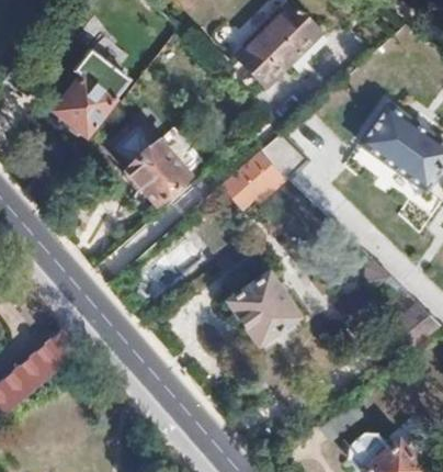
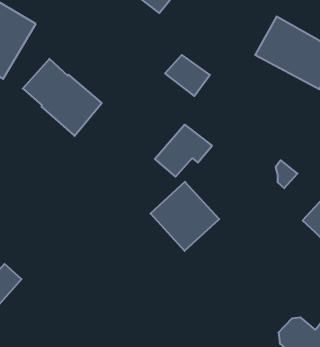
building: [225,150,288,205] -> [155,125,212,177]

